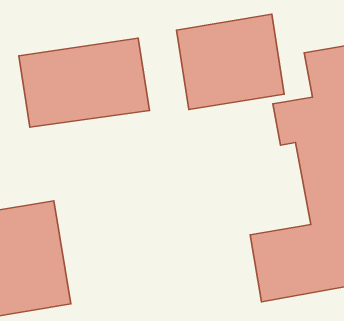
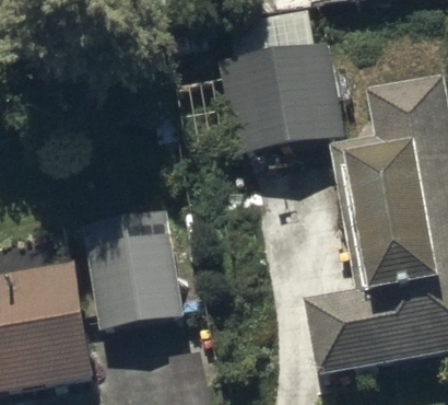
building: [19,38,149,127] -> none
building: none -> [81,211,179,328]

